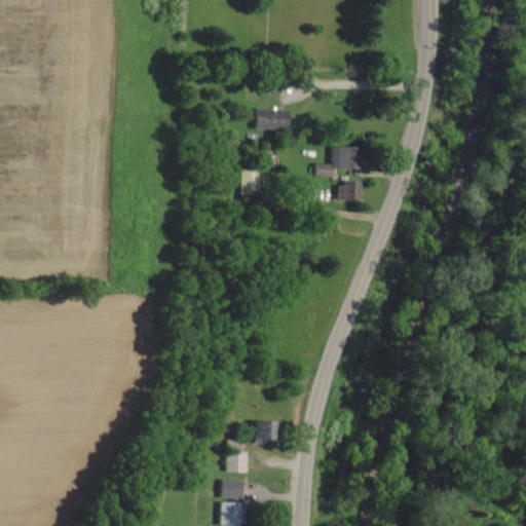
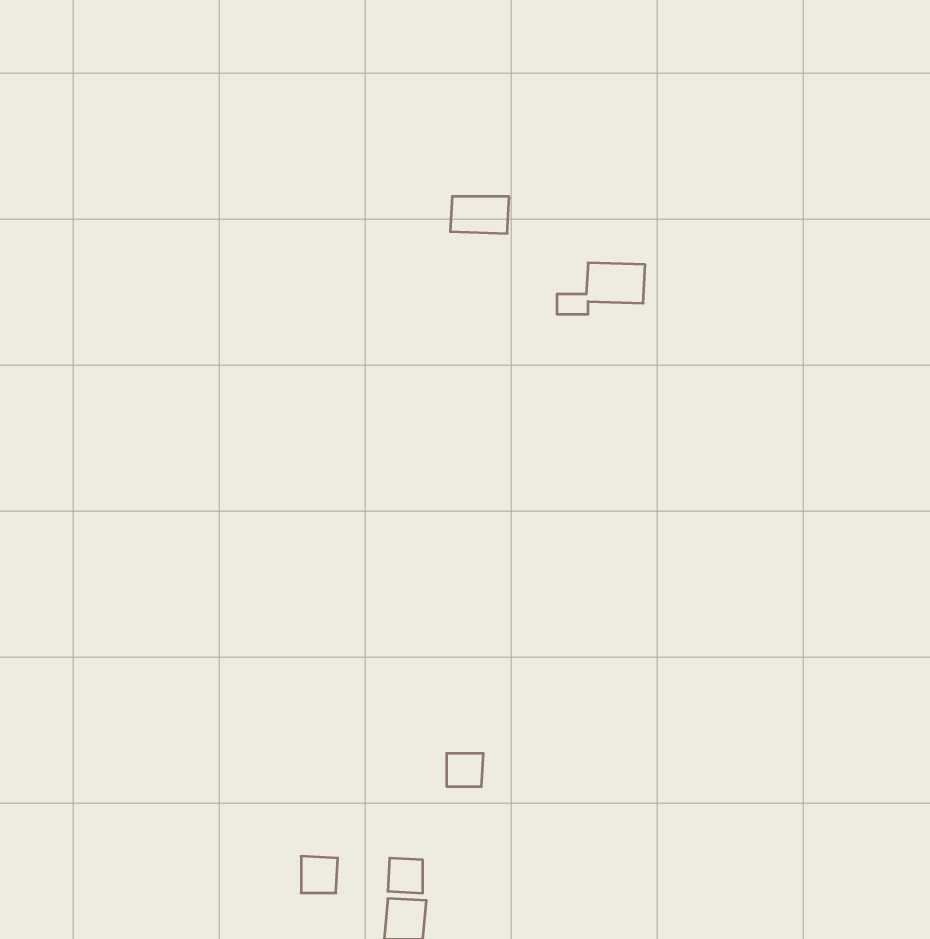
building: [243,171,262,196] -> none
building: [339,183,363,200] -> none
building: [228,452,249,473] -> [301,856,338,893]

